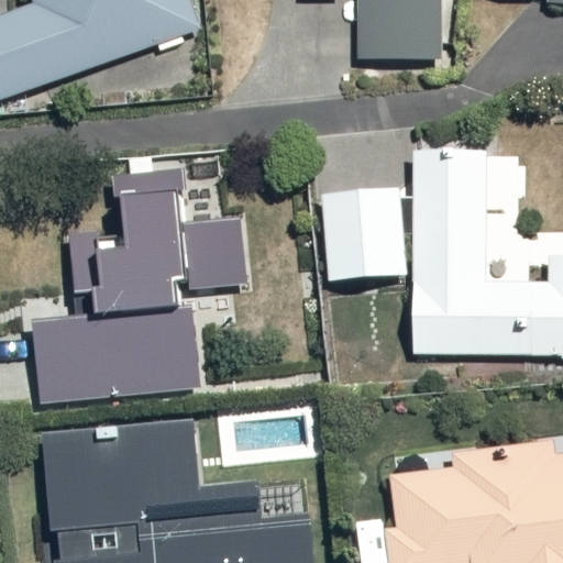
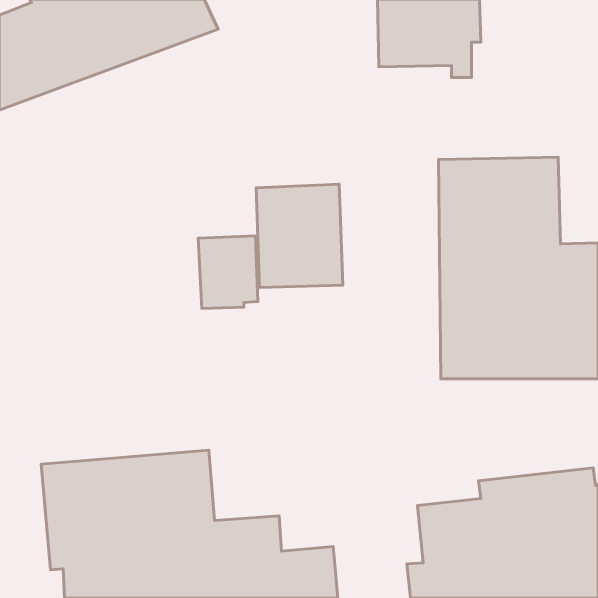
building: [34,172,199,402] -> none
building: [327,187,408,284] -> [256,184,343,287]

